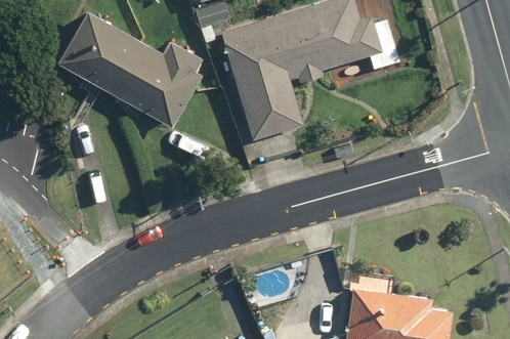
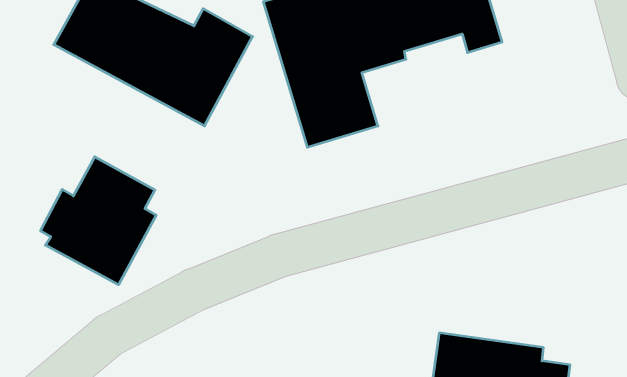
building: none -> [41,157,156,285]

